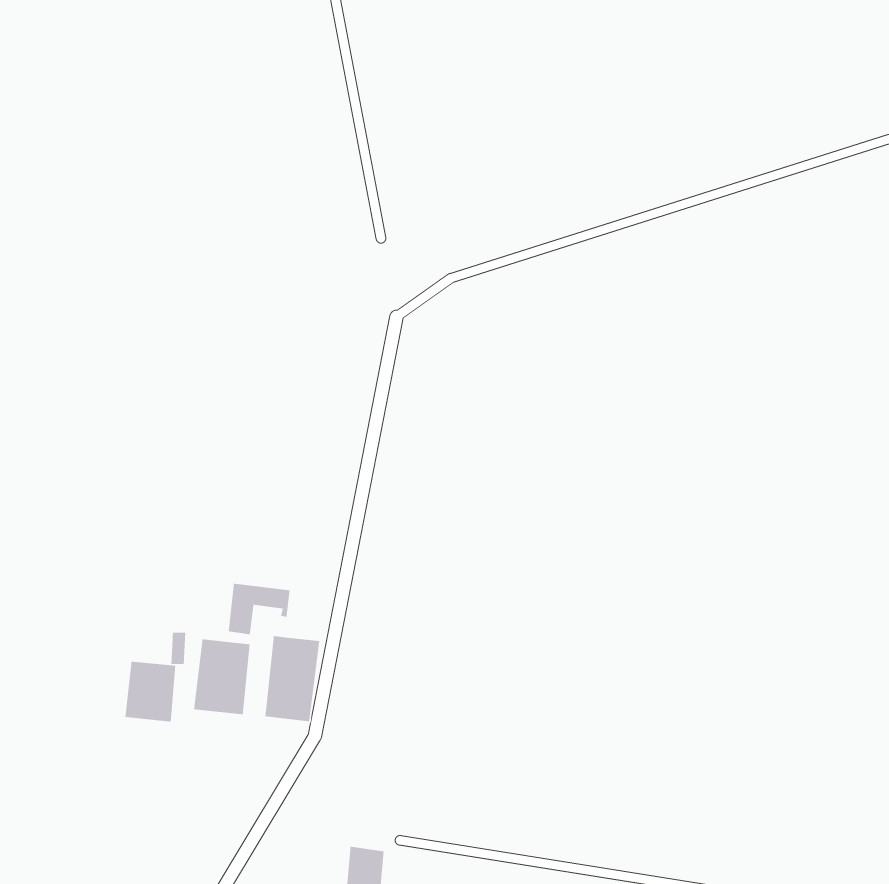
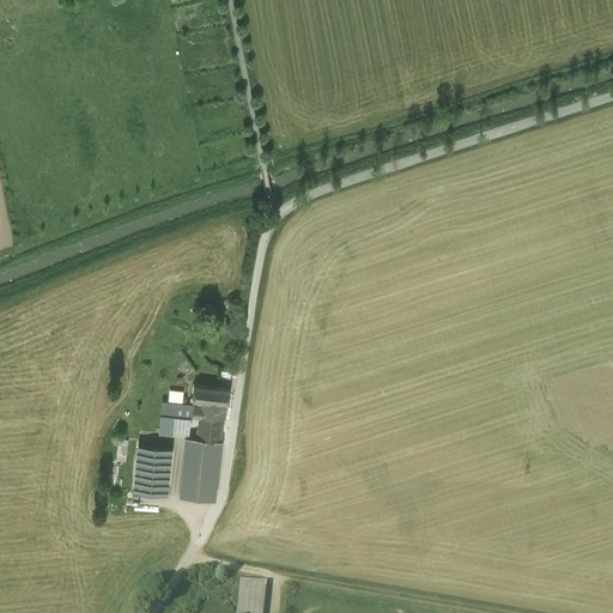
building: none -> [194,387,231,444]
building: [125,661,176,722] -> none

